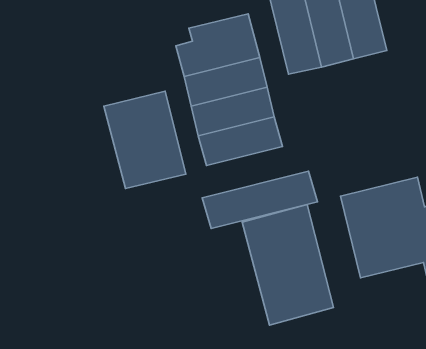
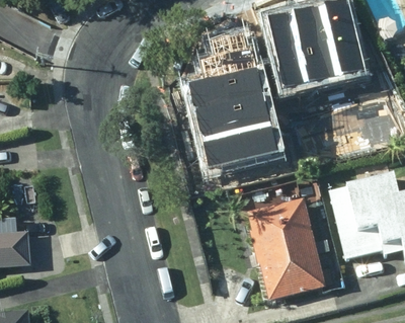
building: [104,91,186,188] -> none
building: [202,171,317,229] -> none

